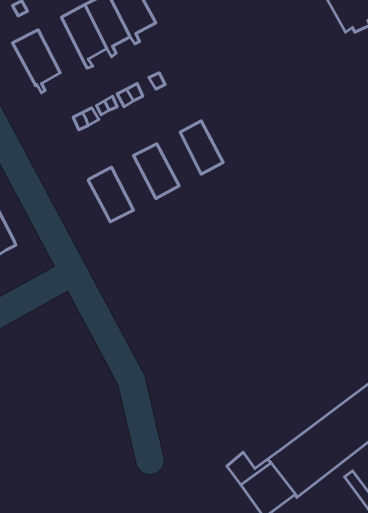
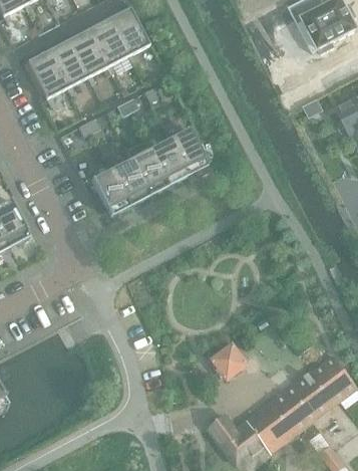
building: none -> [47,38,86,93]
building: none -> [149,138,188,184]
building: none -> [110,158,148,205]
building: none -> [212,343,246,379]

